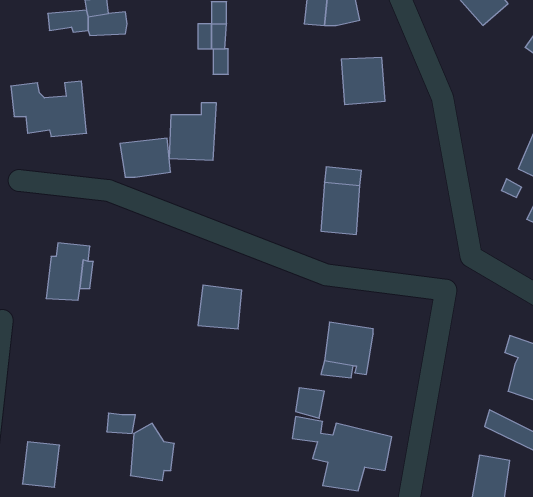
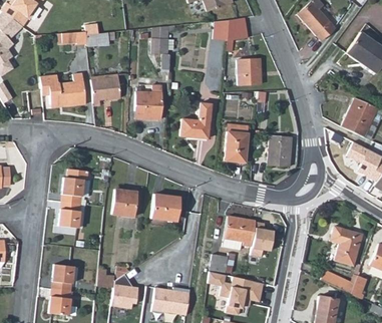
building: none -> [179,103,211,139]
building: [120,138,171,177] -> [90,76,120,99]
building: none -> [268,135,292,167]
building: none -> [112,189,136,216]
building: none -> [58,202,80,228]
building: none -> [251,223,274,258]
building: none -> [50,265,72,289]
building: none -> [151,286,189,314]

